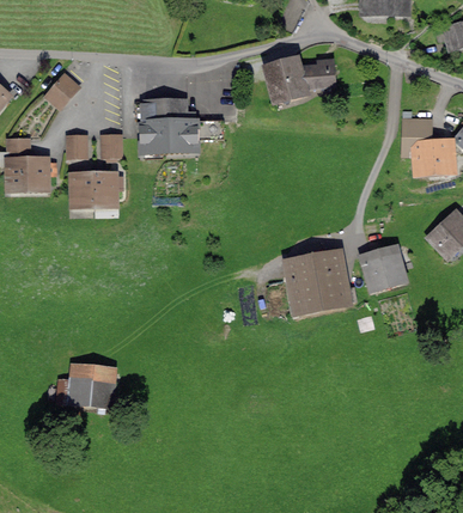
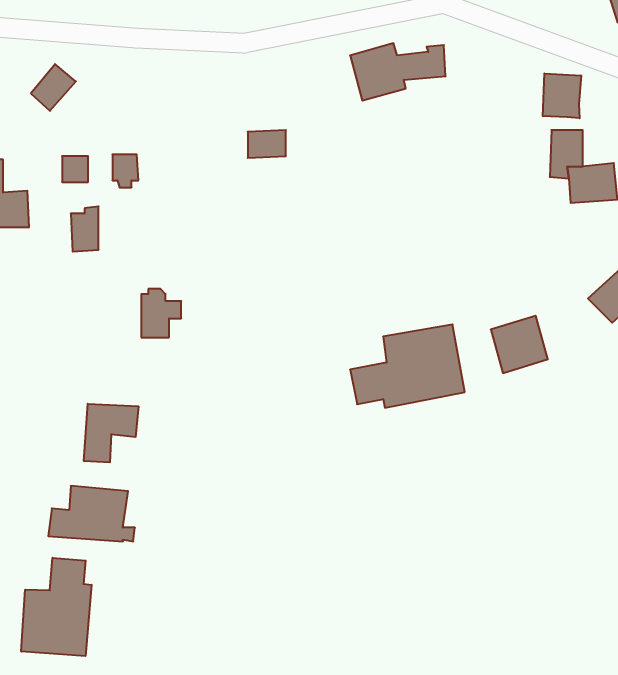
building: none -> [543,73,581,118]
building: [136,104,194,149] -> none
building: [93,170,121,203] -> [141,289,181,337]
building: none -> [84,404,138,462]
building: none -> [21,558,92,656]

